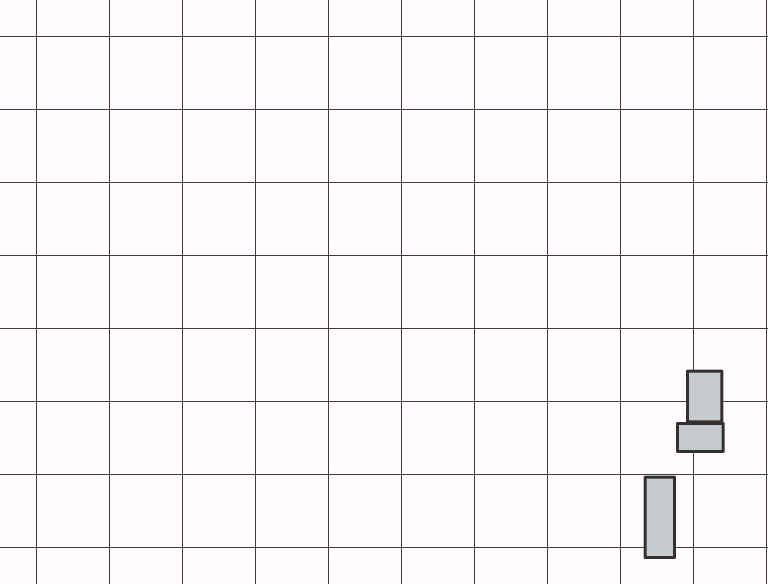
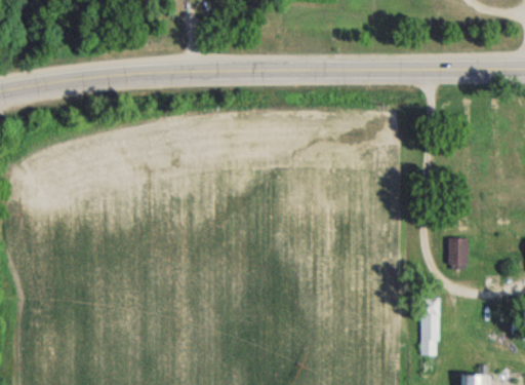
building: [677,423,723,451] -> none

